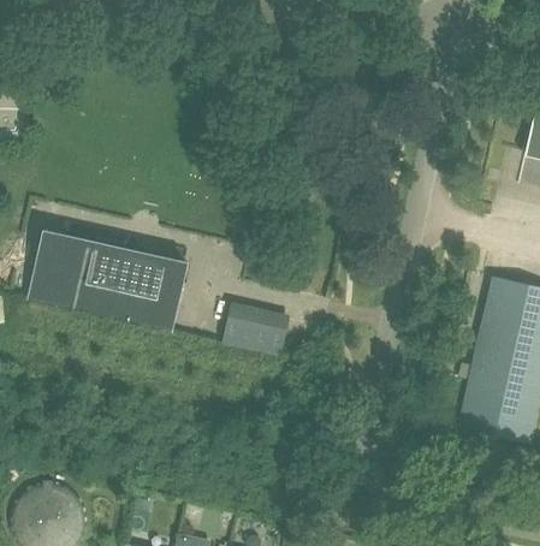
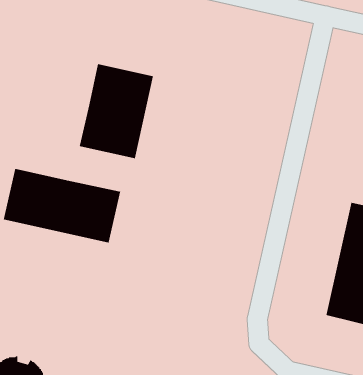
building: none -> [78,63,154,159]
building: [222,311,287,356] -> none

